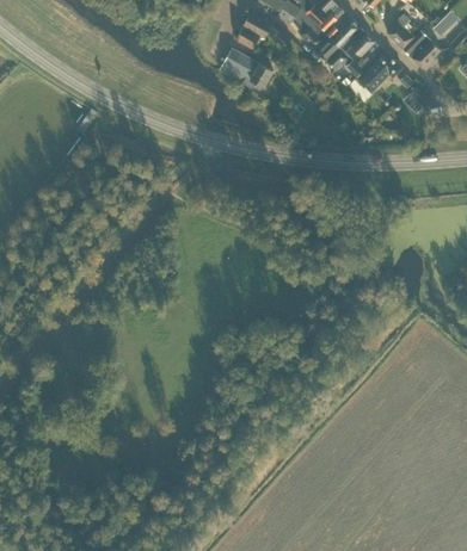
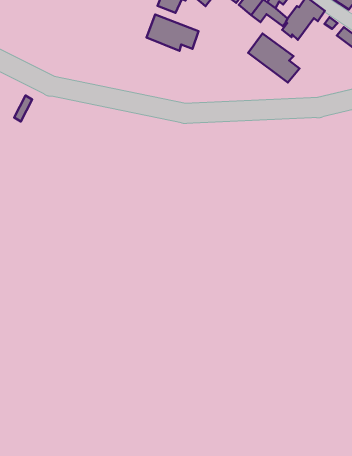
building: none -> [248,34,300,83]

